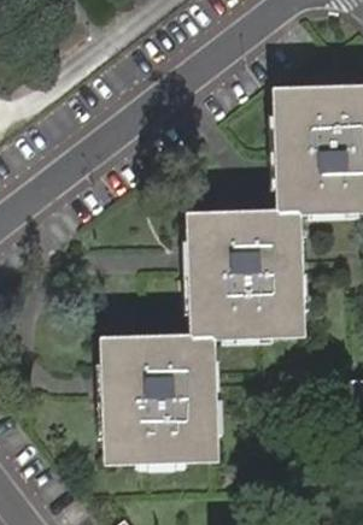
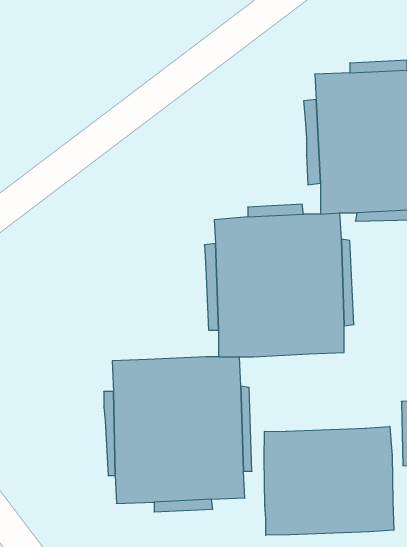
building: none -> [264,426,394,535]

